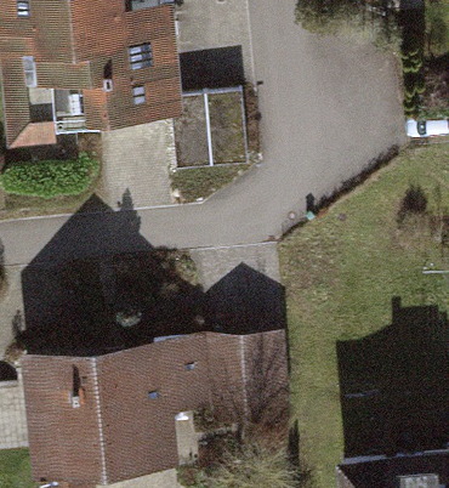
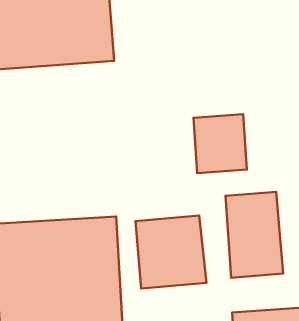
building: [184,95,255,172] -> [193,114,247,173]
building: none -> [226,192,283,278]

